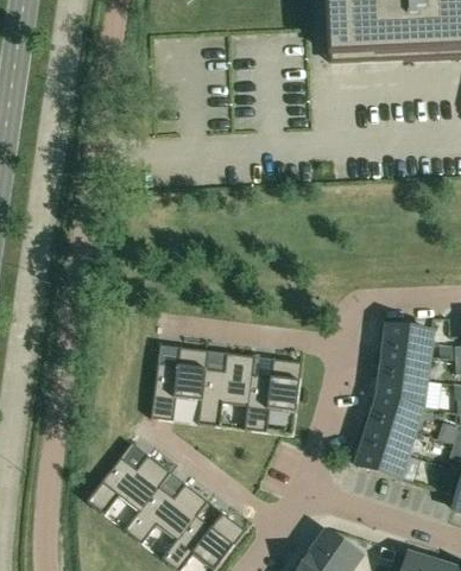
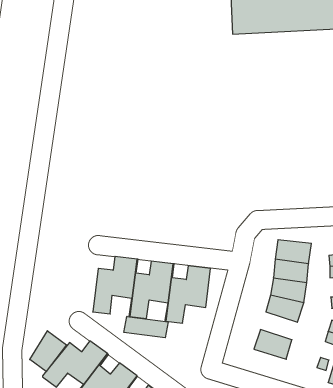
building: [366,417,413,452] -> none
building: none -> [124,316,168,338]
building: none -> [30,331,66,372]

